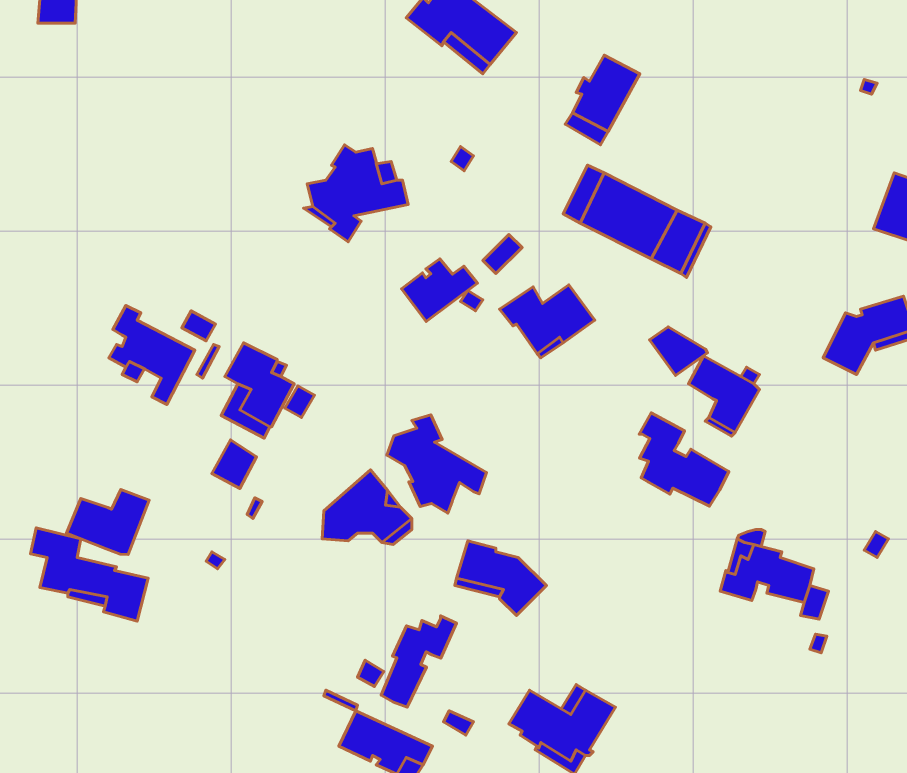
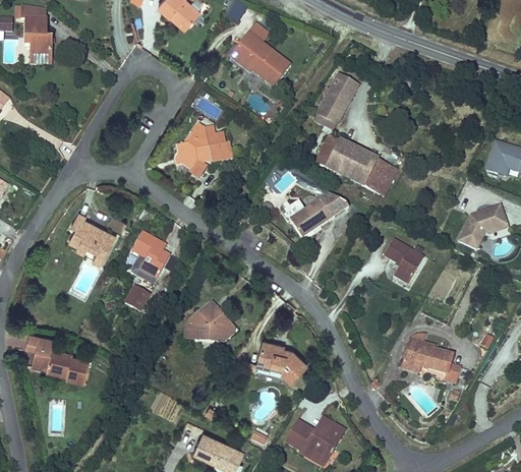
building: [401,259,477,322] -> none
building: [649,327,707,375] -> [319,192,350,219]
building: [639,413,729,506] -> none
building: [387,415,486,513] -> none
building: [67,490,149,555] -> none
building: [381,616,456,707] -> none

